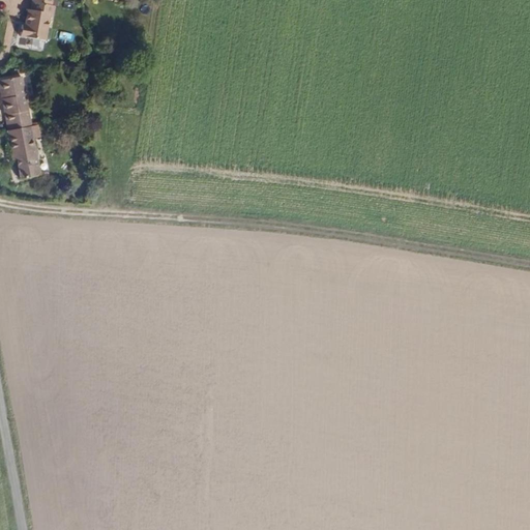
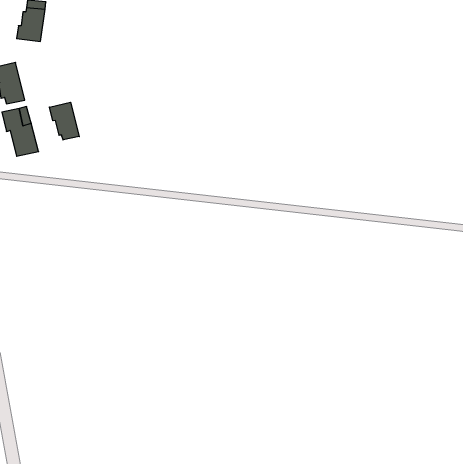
building: none -> [49,102,79,140]

